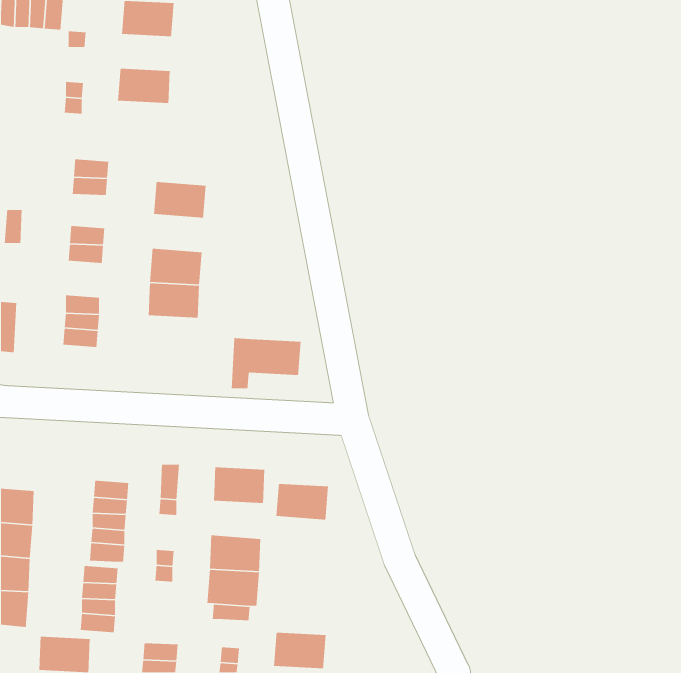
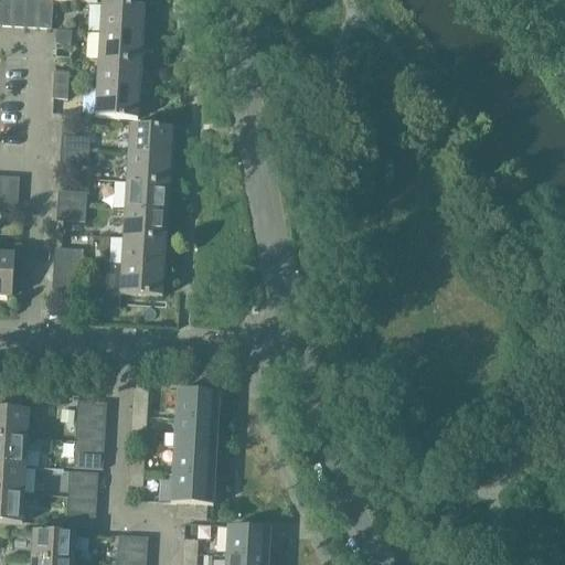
building: none -> [99,29,142,58]
building: none -> [96,84,140,115]
building: none -> [129,121,172,153]
building: none -> [126,178,169,209]
building: [231,337,302,389] -> [106,260,164,303]
building: [276,483,329,520] -> [174,415,218,446]

